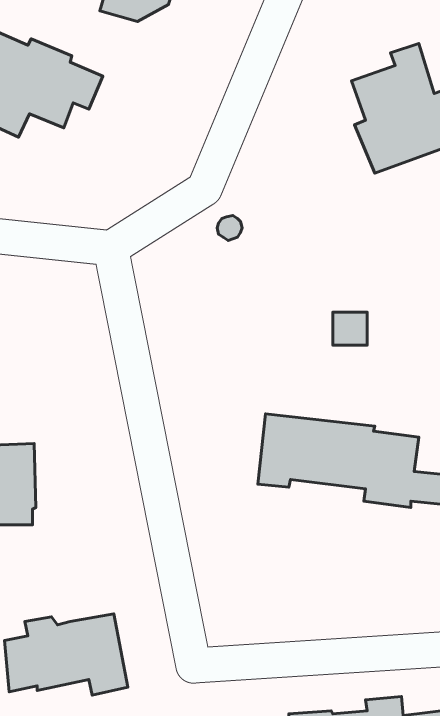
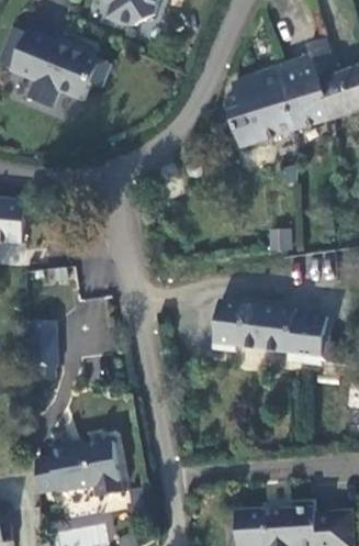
building: none -> [231,66,296,148]

